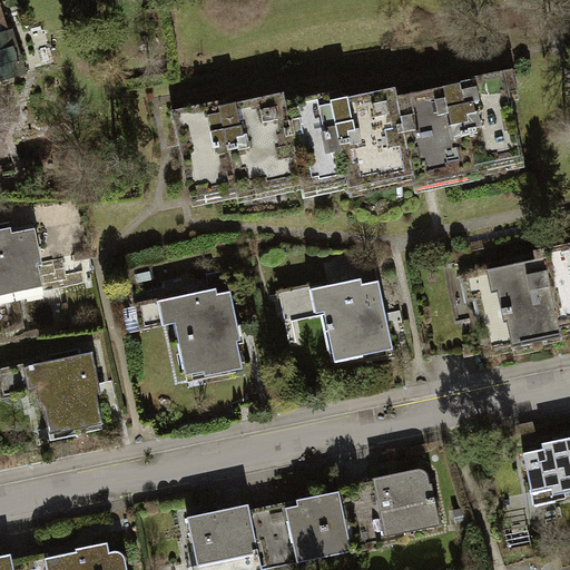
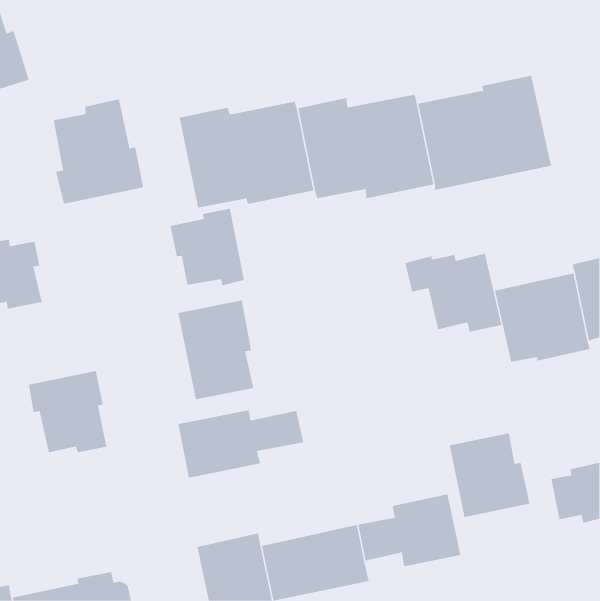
building: none -> [53,99,144,204]
building: none -> [170,208,245,286]
building: [299,281,392,355] -> [404,253,502,332]
building: none -> [178,409,304,479]
building: none -> [449,432,530,518]

